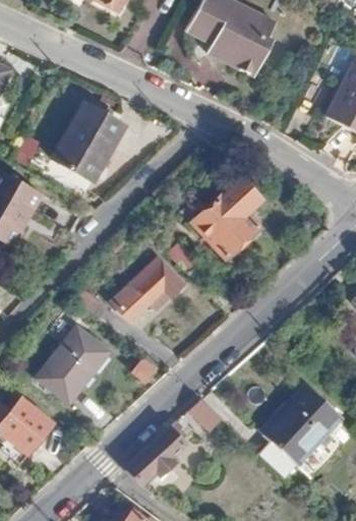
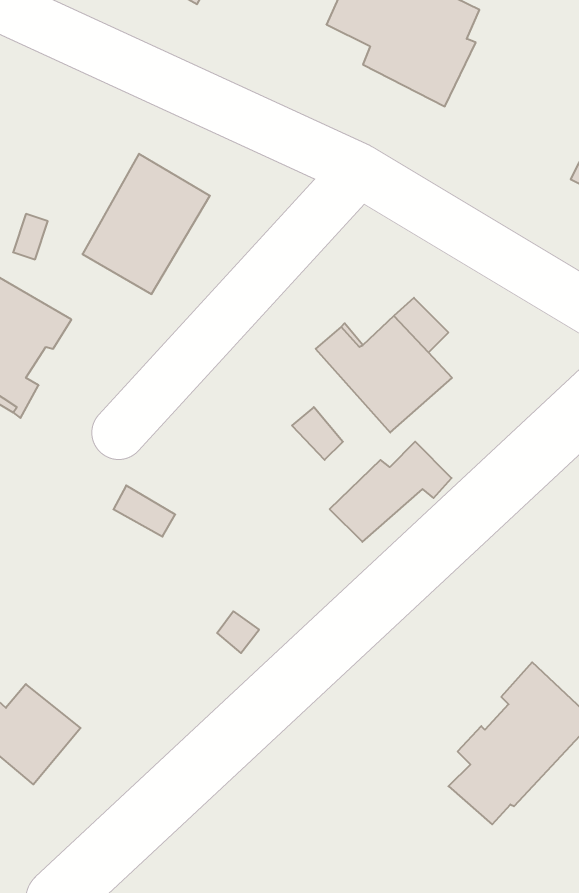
building: [115,264,183,320] -> [330,442,452,542]
building: [33,325,109,404] -> none
building: [128,400,222,487] -> none

